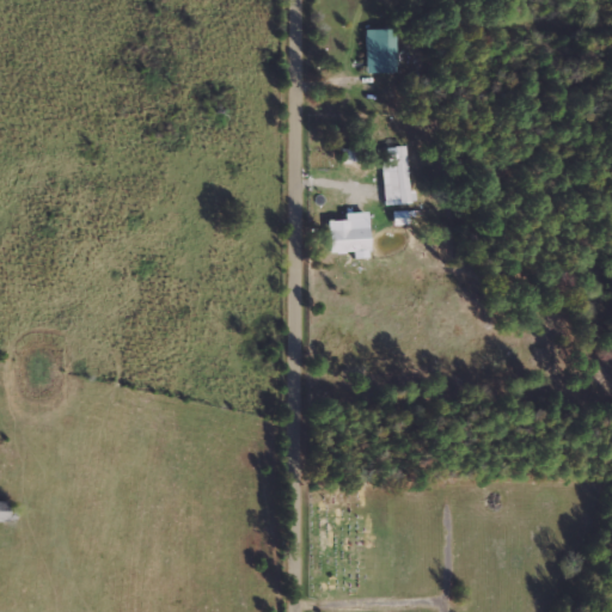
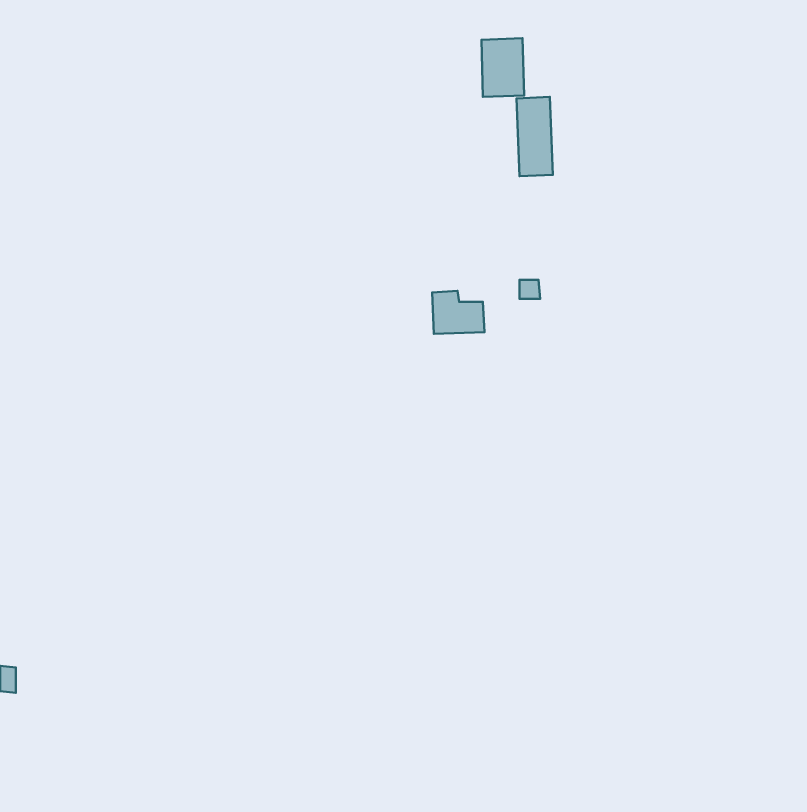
building: [385,145,412,204] -> [516,97,553,176]

